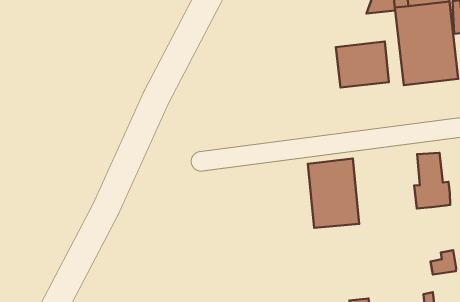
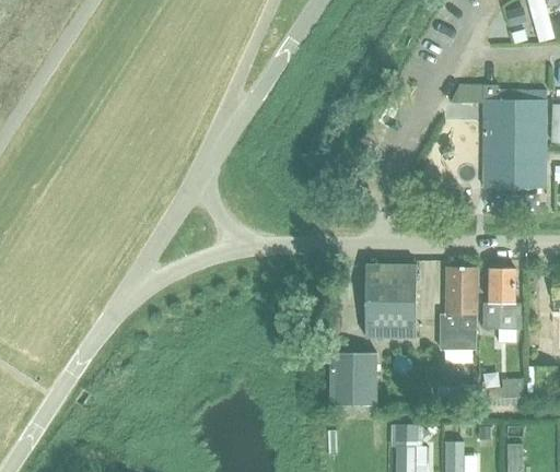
building: [336,42,389,87] -> none
building: none -> [441,267,477,353]
building: none -> [330,353,376,405]

